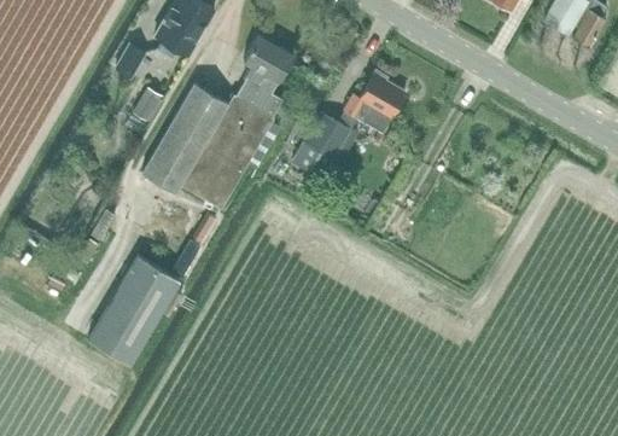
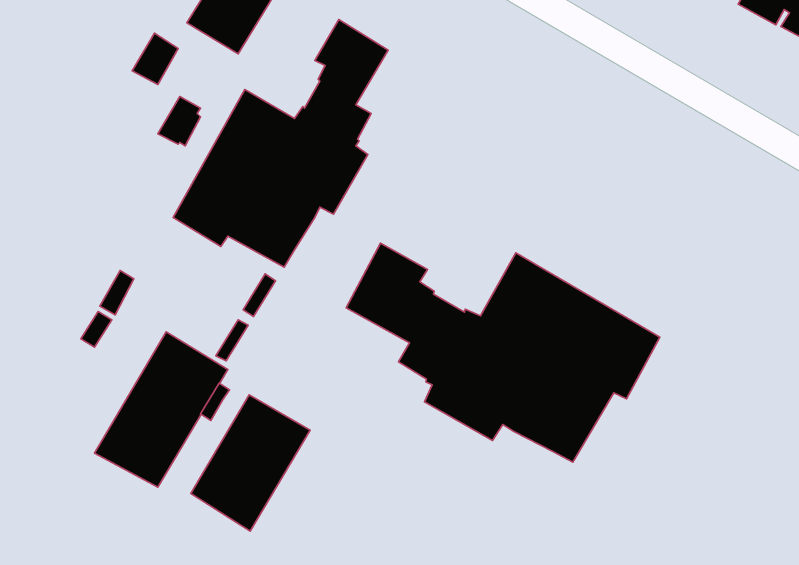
building: [292,69,407,173] -> none
building: none -> [346,243,660,462]
building: none -> [191,395,310,531]

